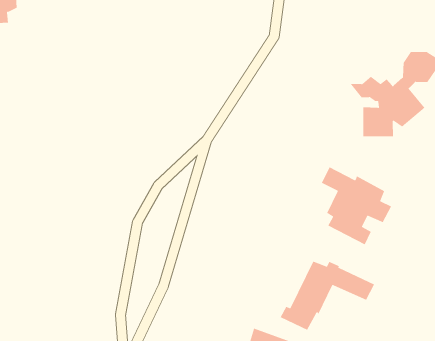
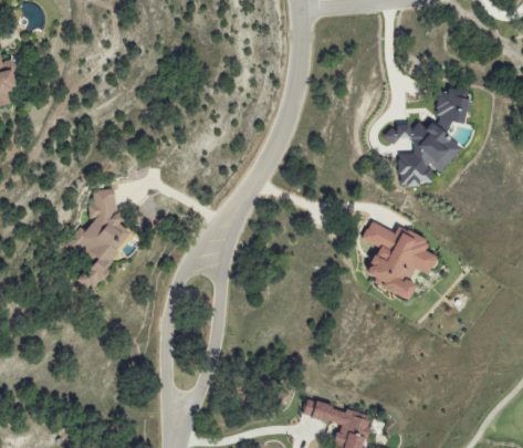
building: none -> [67,189,127,288]
building: [280,260,375,331] -> none

